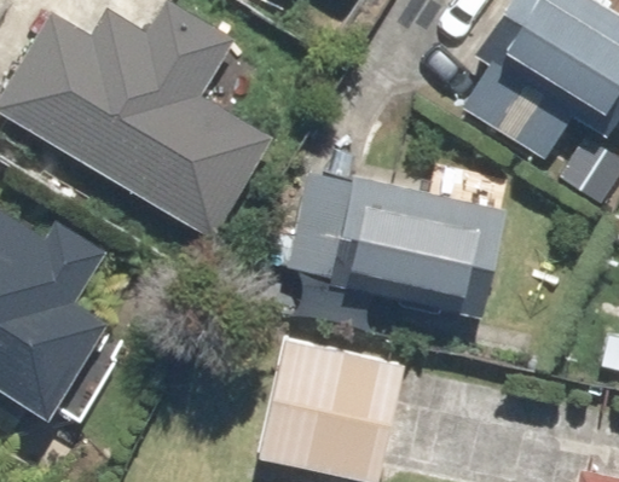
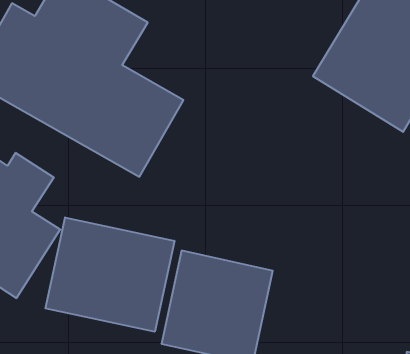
building: [305,176,498,317] -> none
building: none -> [45,217,174,332]

